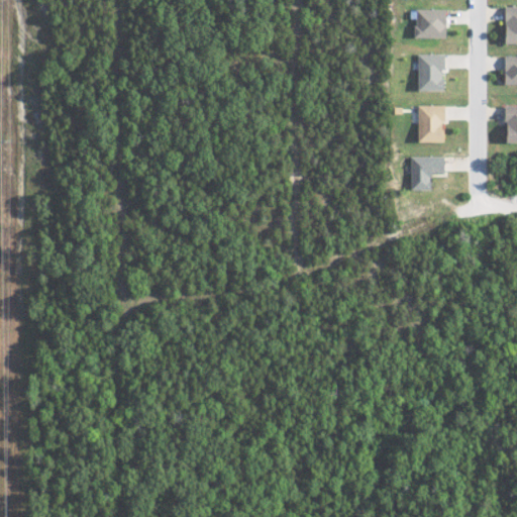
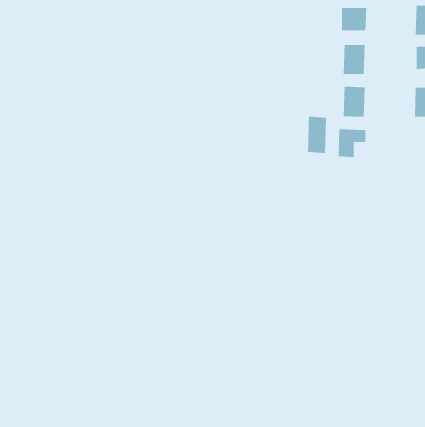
building: none -> [307,116,327,154]

